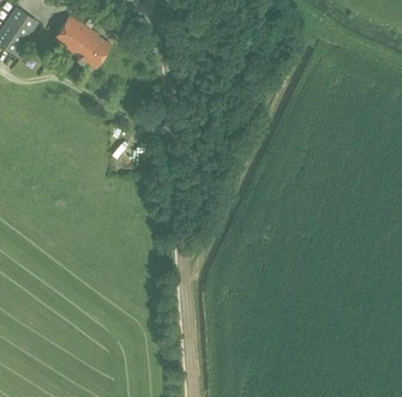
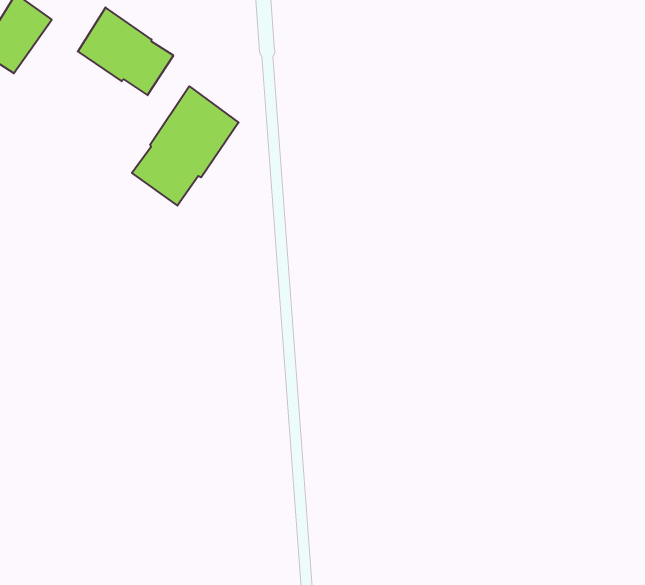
building: none -> [132,86,239,206]

